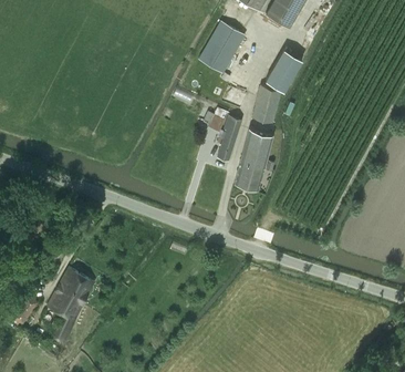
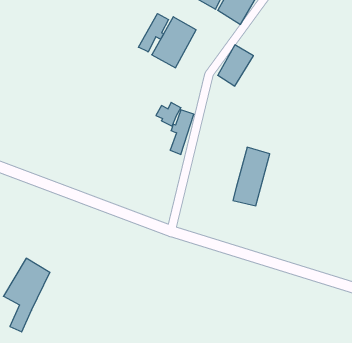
building: none -> [138,14,169,52]
building: [251,86,280,123] -> none
building: [235,130,272,189] -> [233,147,270,206]

